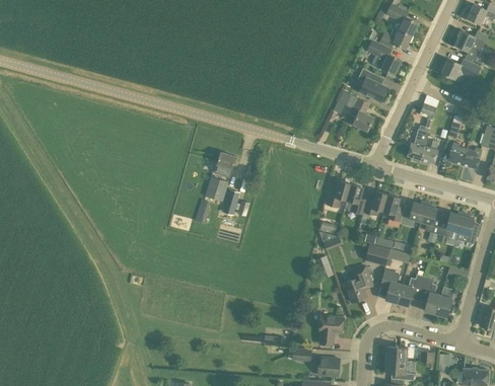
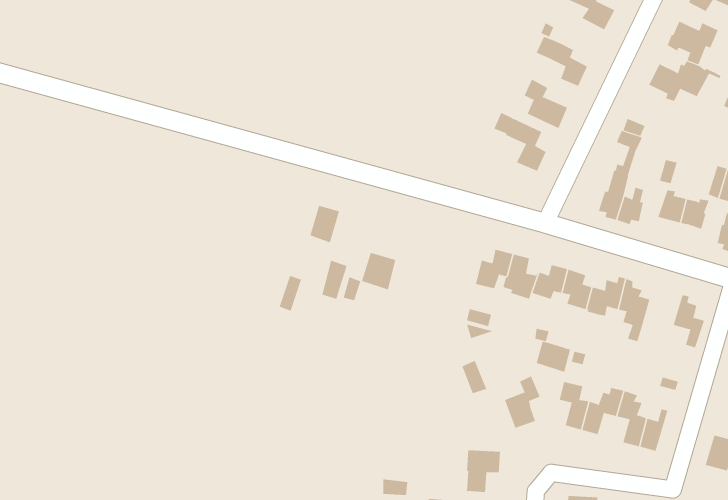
building: [379,26,412,49] -> none
building: [205,176,228,202] -> [361,252,396,290]
building: [437,210,464,242] -> none

